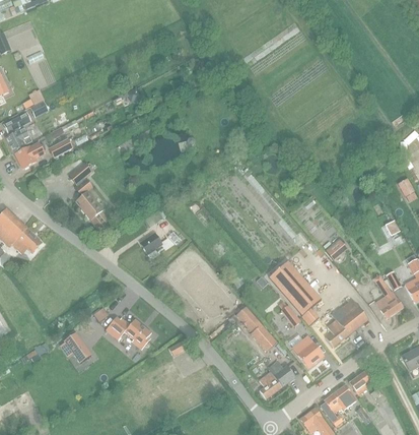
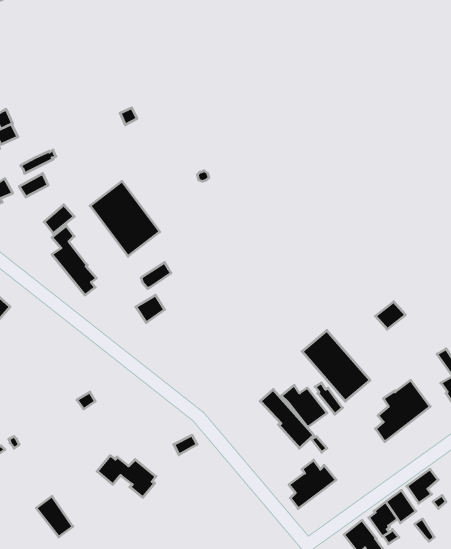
building: none -> [90,181,160,256]
building: [106,316,151,349] -> [97,456,156,497]
building: [63,331,91,363] -> [36,496,73,537]
building: [287,333,323,366] -> [281,385,327,427]

